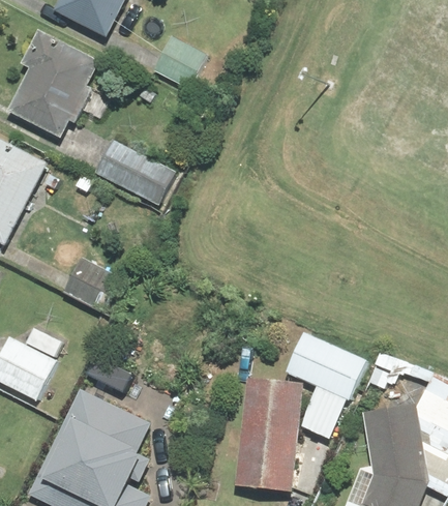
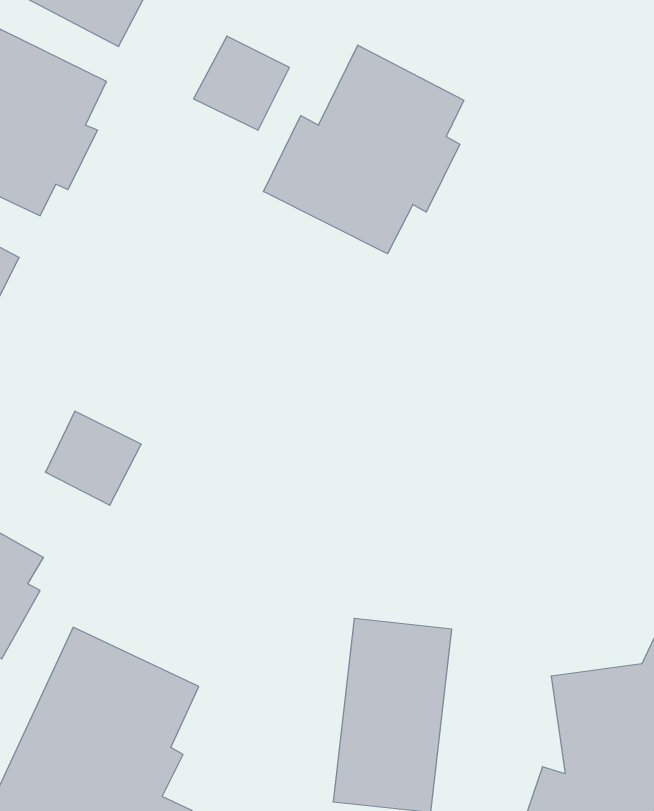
building: none -> [263,45,464,254]
building: [95,139,176,205] -> none
building: [285,331,366,440] -> none

